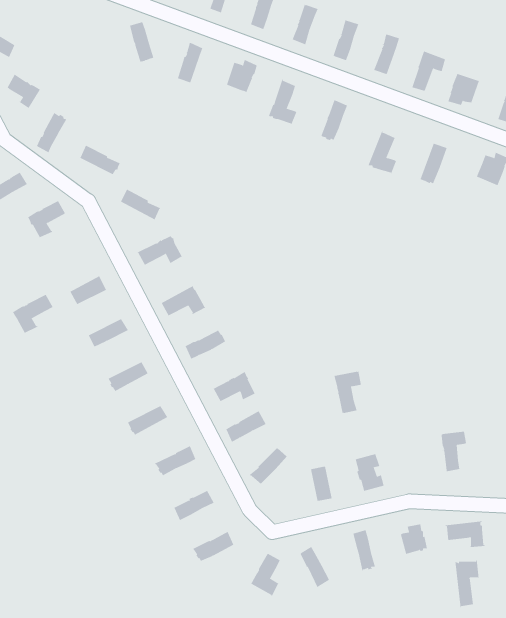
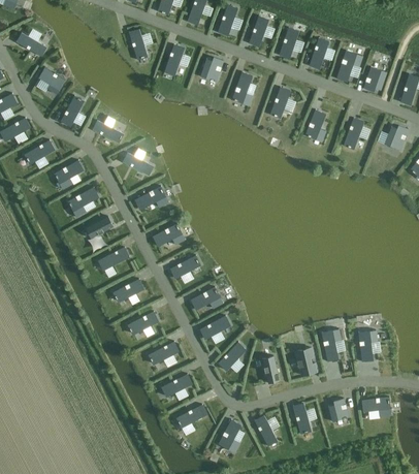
building: [11,293,53,334] -> [67,187,98,217]
building: [334,370,362,415] -> [321,328,342,361]
building: [455,559,479,608] -> none

